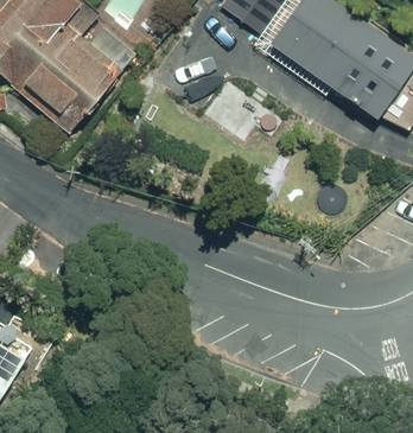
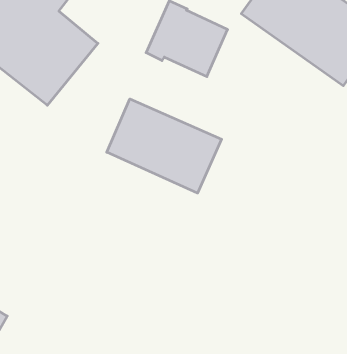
building: none -> [107,99,222,193]

